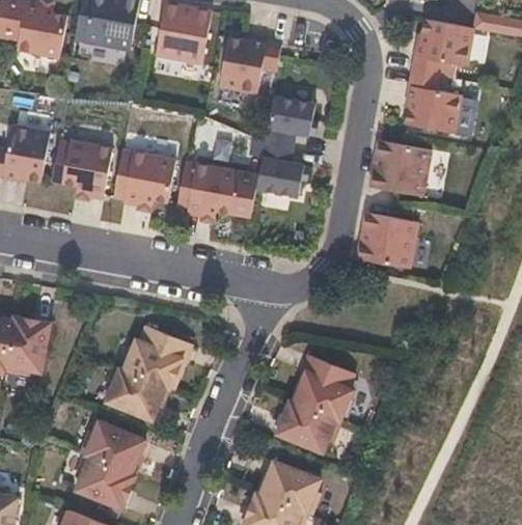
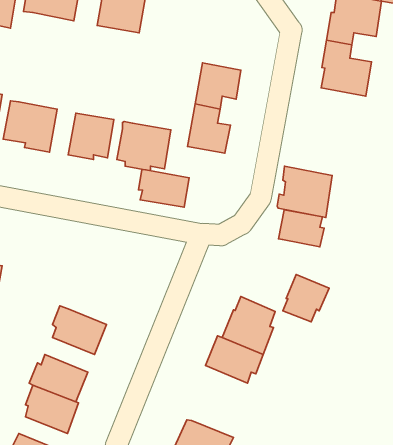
building: [218,37,281,93] -> none
building: [369,140,431,196] -> none
building: none -> [138,170,189,207]
building: none -> [278,210,324,247]
building: [123,326,187,390] -> none
building: none -> [283,275,329,322]
building: [260,461,320,516] -> none

